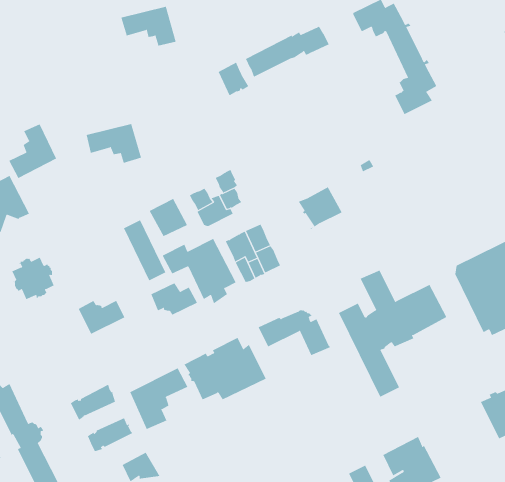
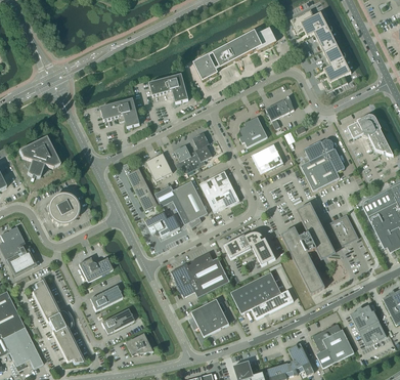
building: [120,6,176,46] -> [148,74,188,102]
building: none -> [265,94,294,128]
building: [8,123,57,179] -> none
building: none -> [239,116,267,146]
building: none -> [347,116,393,155]
building: none -> [300,139,345,189]
building: [78,300,125,335] -> [79,257,113,282]
building: none -> [230,271,293,318]
building: [129,367,188,430] -> none
building: none -> [190,298,228,335]
building: none -> [350,304,386,345]

